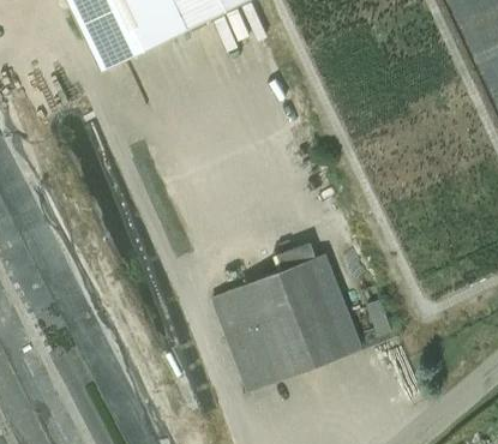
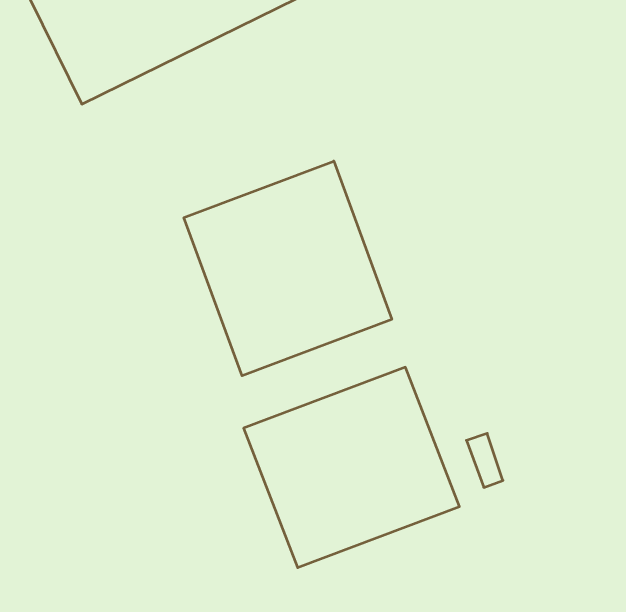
building: none -> [184,161,392,376]

